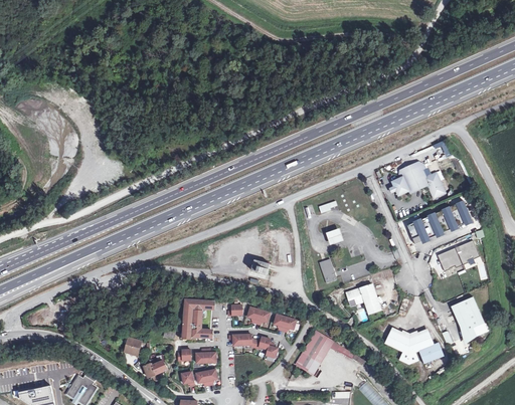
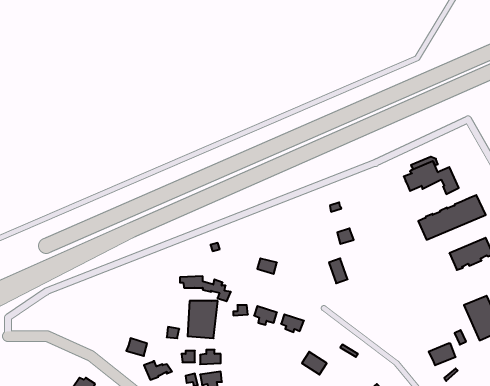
building: [347,284,381,315] -> none
building: [301,330,330,362] -> none
building: [387,330,436,362] -> none
building: [228,334,278,358] -> [180,276,231,301]

